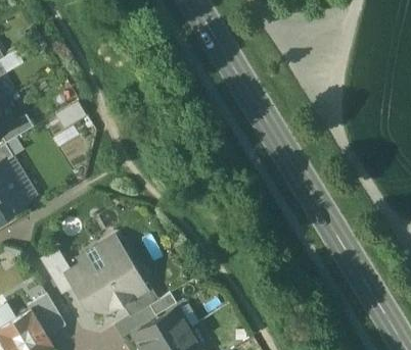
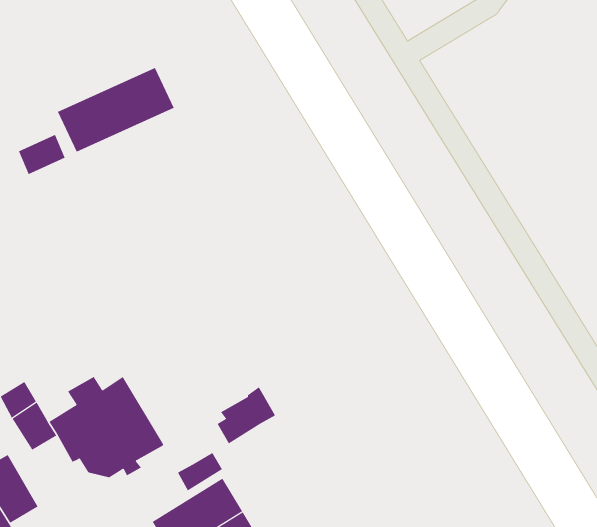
building: none -> [57,67,174,153]
building: [122,283,157,317] -> [217,387,276,444]

